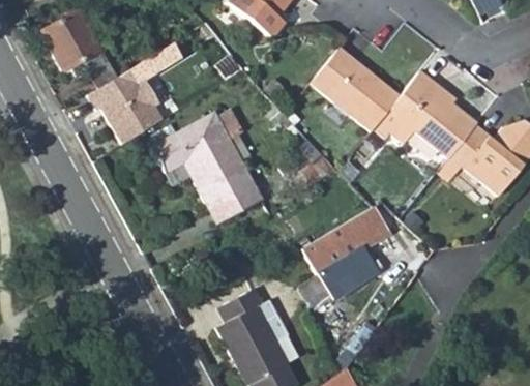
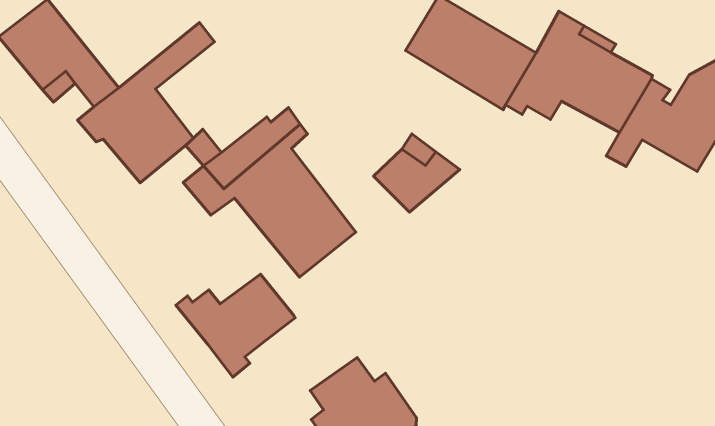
building: [303,208,398,301] -> none
building: none -> [176,274,295,377]

